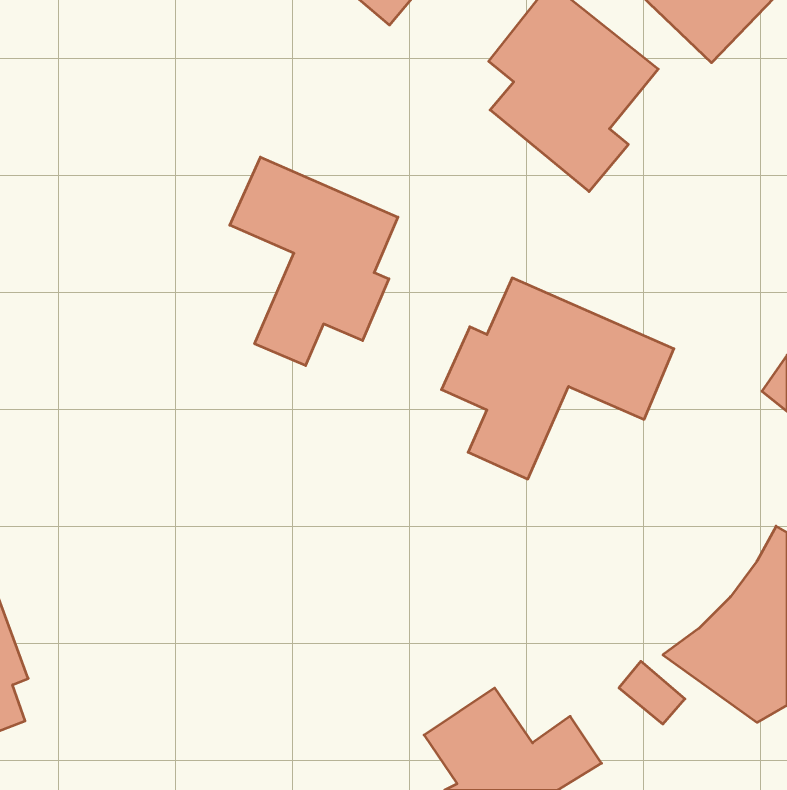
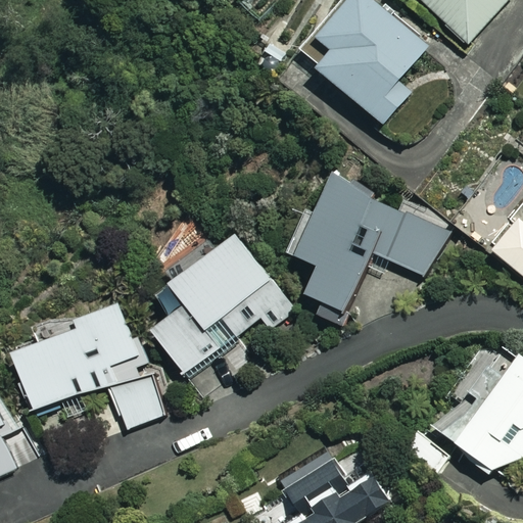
building: [230,157,398,366] -> none
building: none -> [154,237,291,372]
building: none -> [15,304,162,426]

